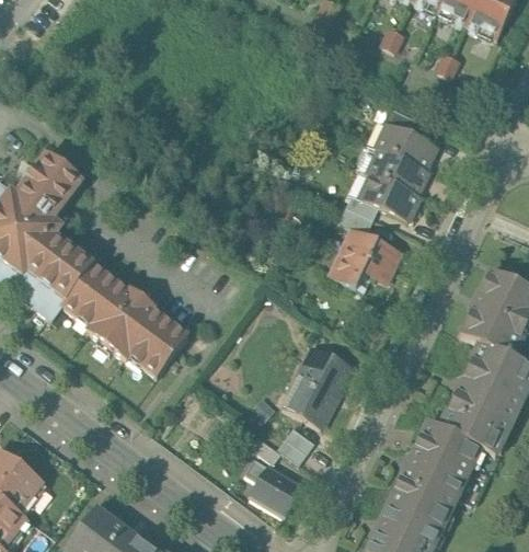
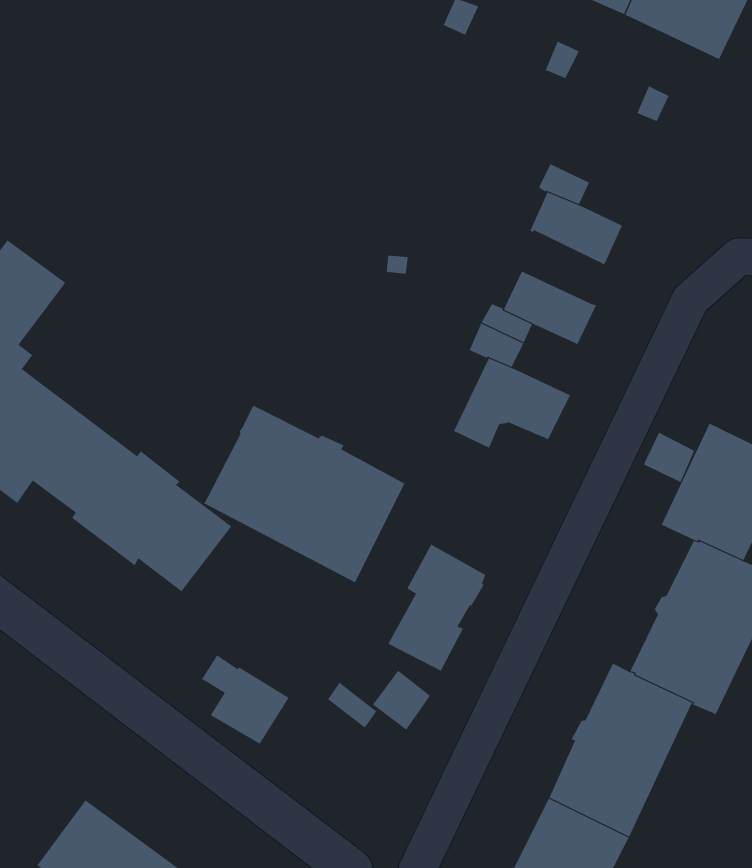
building: [368,147,427,193] -> none
building: none -> [203,405,405,583]
building: none -> [643,432,695,483]
building: [245,458,301,515] -> [201,655,289,745]

